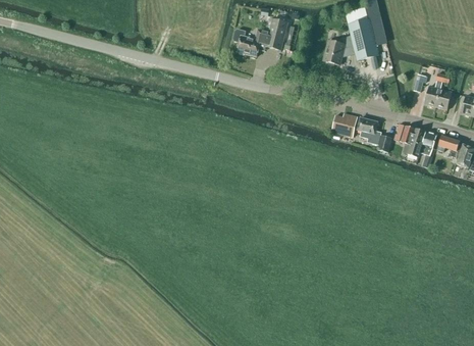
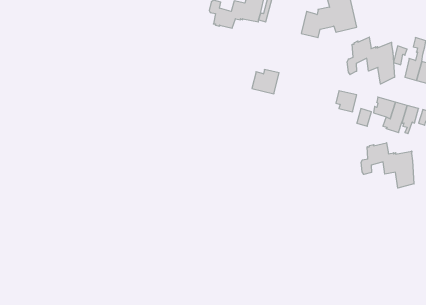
building: none -> [347,37,395,84]
building: [332,113,359,137] -> [252,70,279,94]
building: none -> [361,143,414,188]

